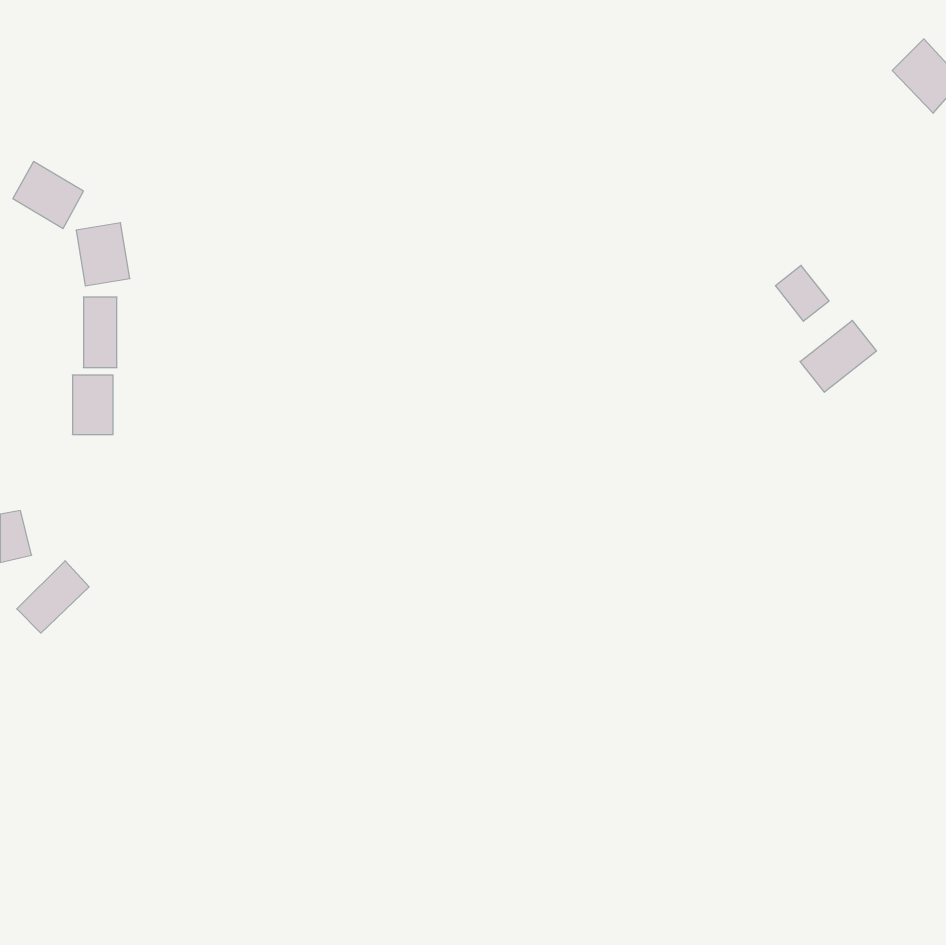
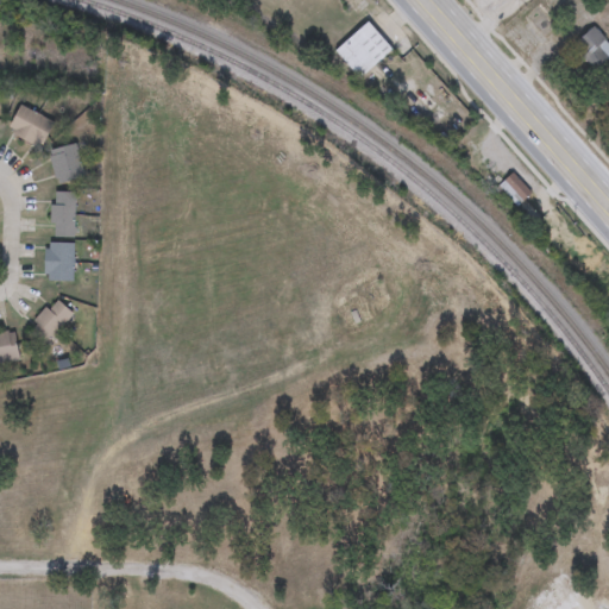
building: none -> [335,20,393,77]
building: [800,320,876,392] -> none
building: [17,561,89,633] -> [27,297,74,344]

